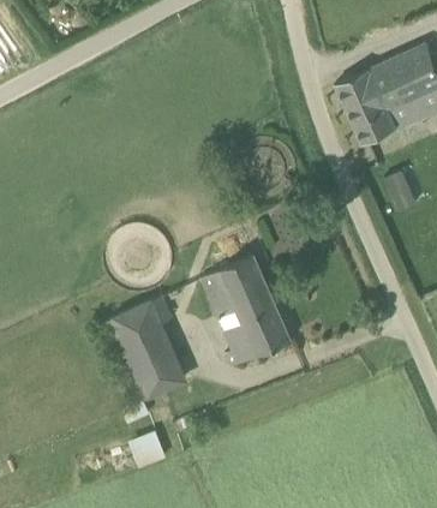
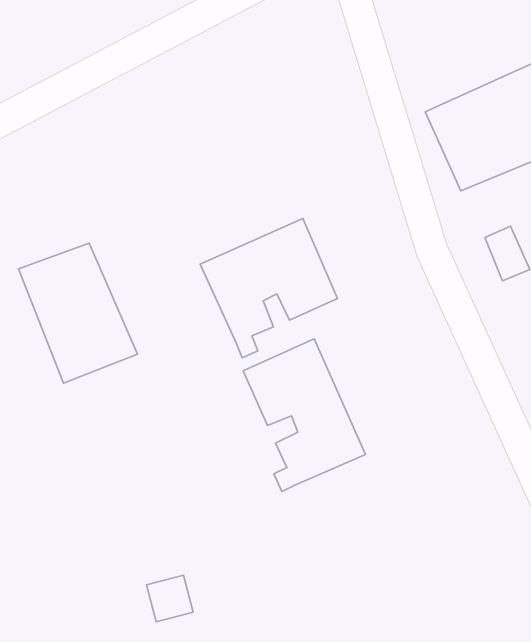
building: none -> [200,219,338,358]
building: [100,299,188,404] -> [18,243,138,383]

